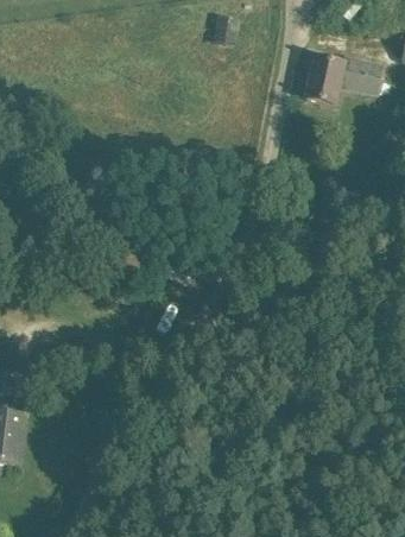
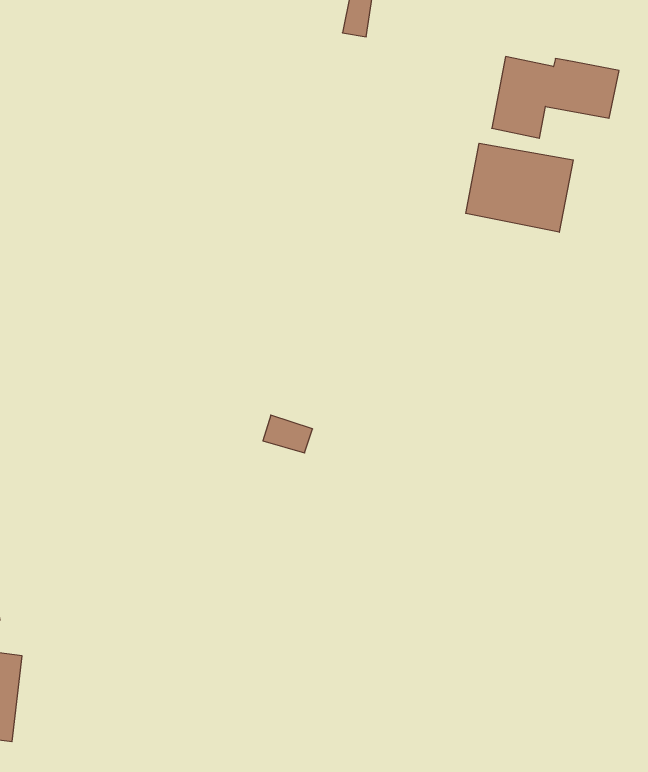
building: none -> [466,143,573,232]

